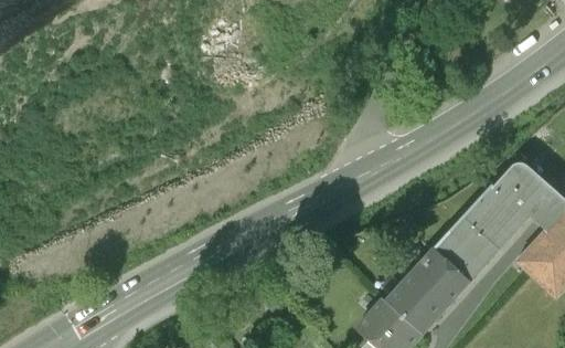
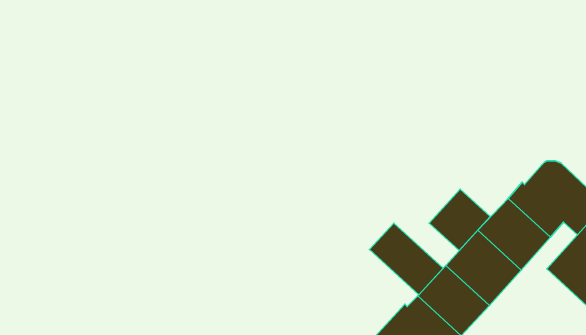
building: none -> [429,189,490,251]
building: none -> [369,223,443,295]

